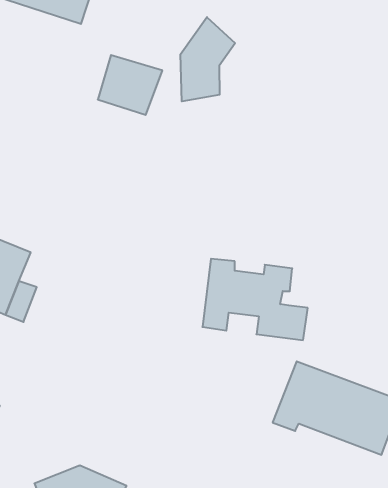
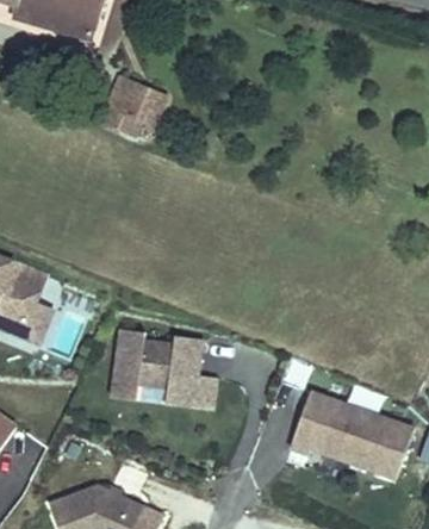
building: [181,17,235,101] -> none
building: [202,259,308,340] -> [111,330,216,411]

